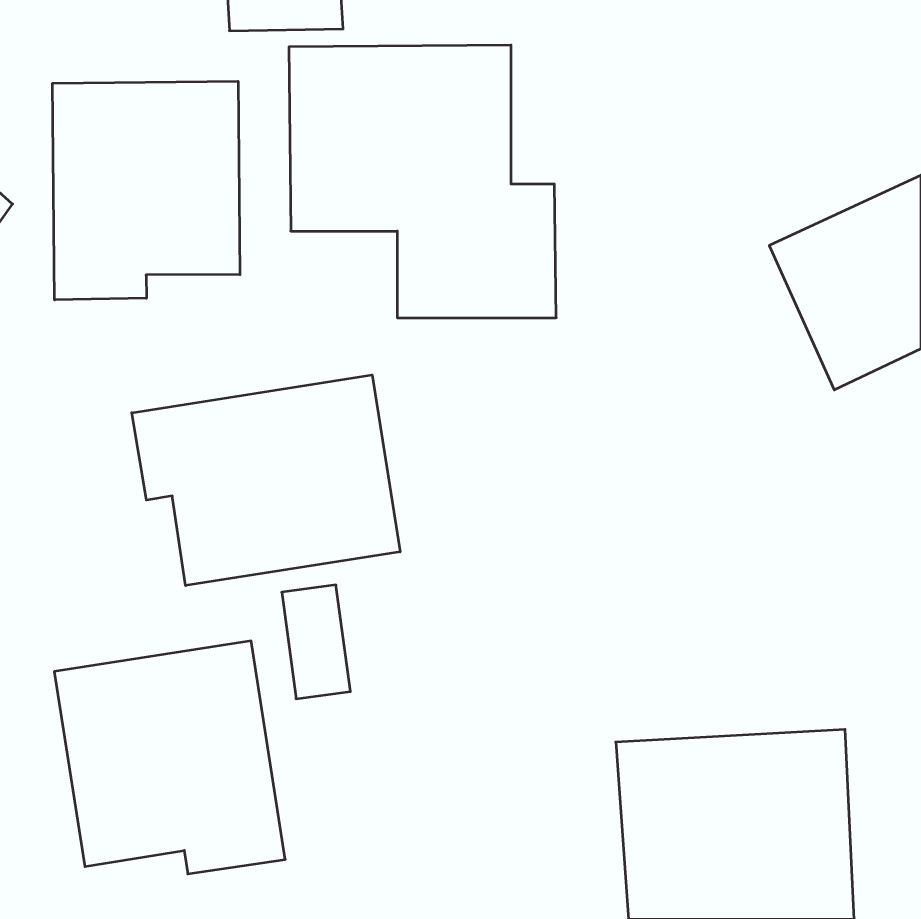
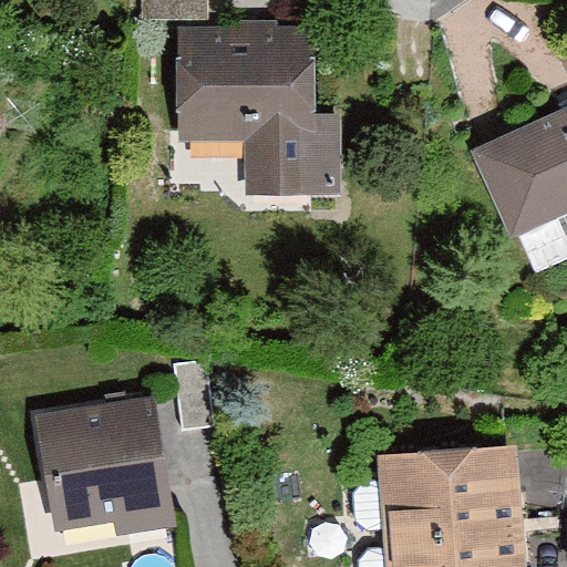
building: [53,81,240,300] -> none
building: [132,375,400,586] -> none

